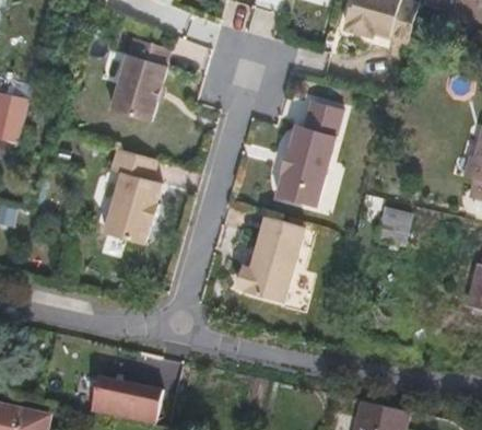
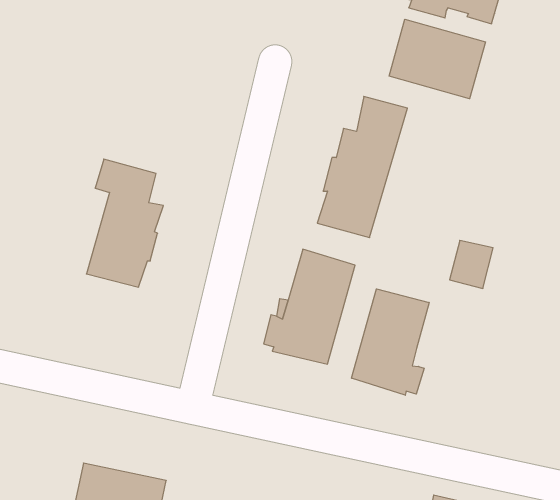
building: [109,37,167,119] -> none
building: none -> [389,19,485,99]
building: none -> [352,289,429,395]

